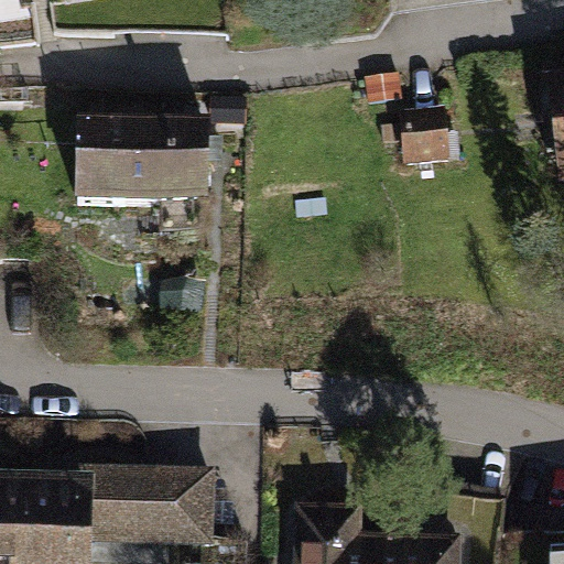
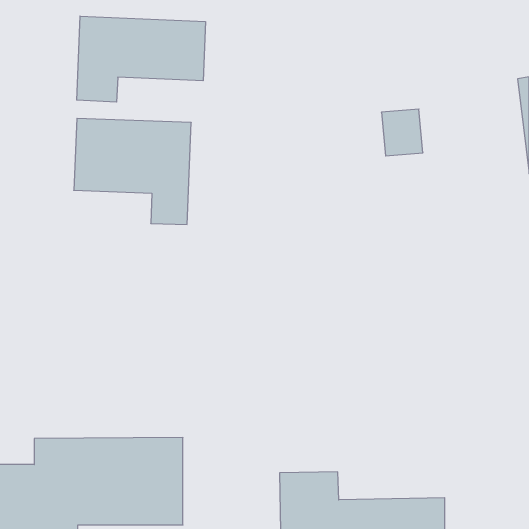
building: none -> [77,16,205,102]

